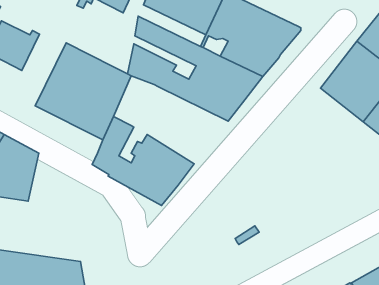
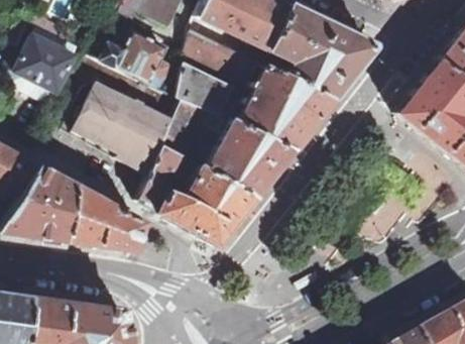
building: none -> [99,28,169,87]
building: none -> [159,97,206,153]
building: none -> [197,109,289,197]
building: none -> [63,185,140,249]

